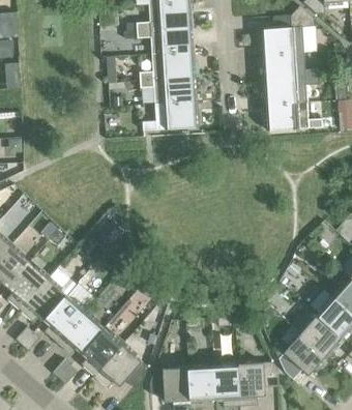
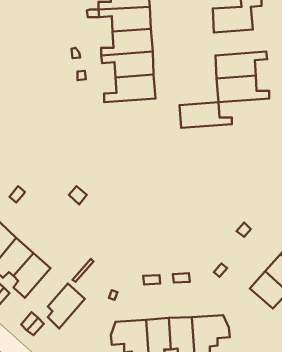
building: [261,52,318,80] -> [179,102,232,128]
building: [56,311,102,354] -> none
building: [277,332,325,379] -> none
building: [93,344,147,388] -> none

